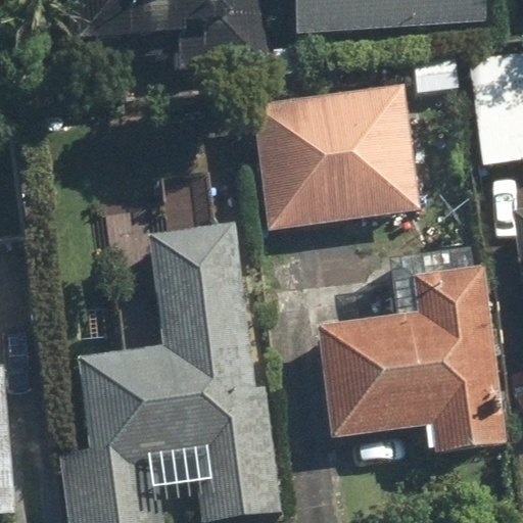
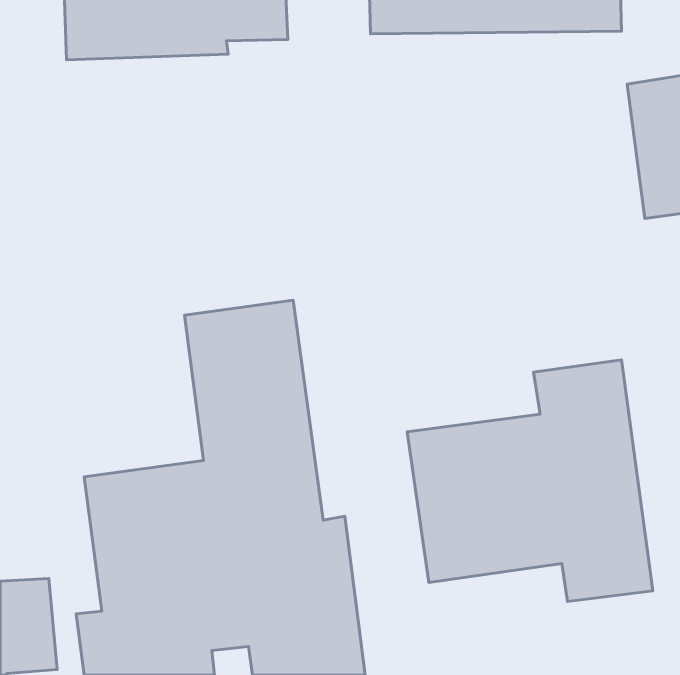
building: [257,81,420,225] -> none

